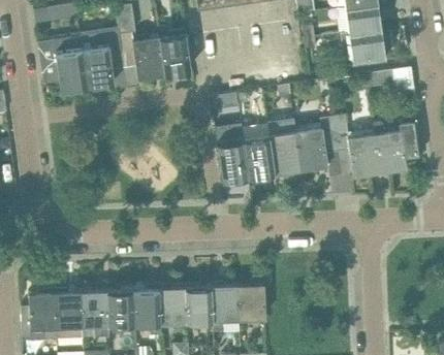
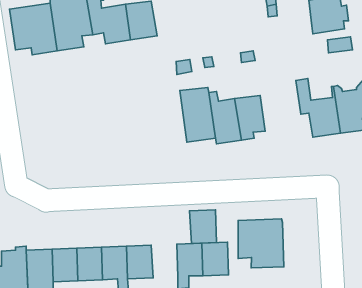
building: [299,117,342,169] -> none
building: none -> [238,219,284,268]
building: [186,287,214,322] -> [190,210,216,244]

